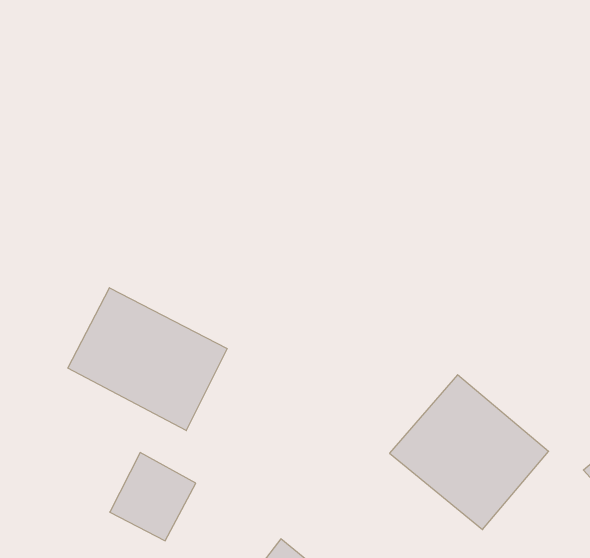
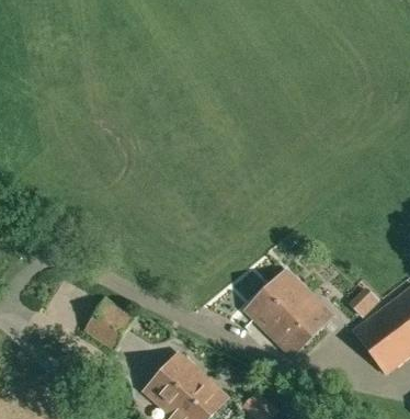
building: [68,288,227,431] -> none

